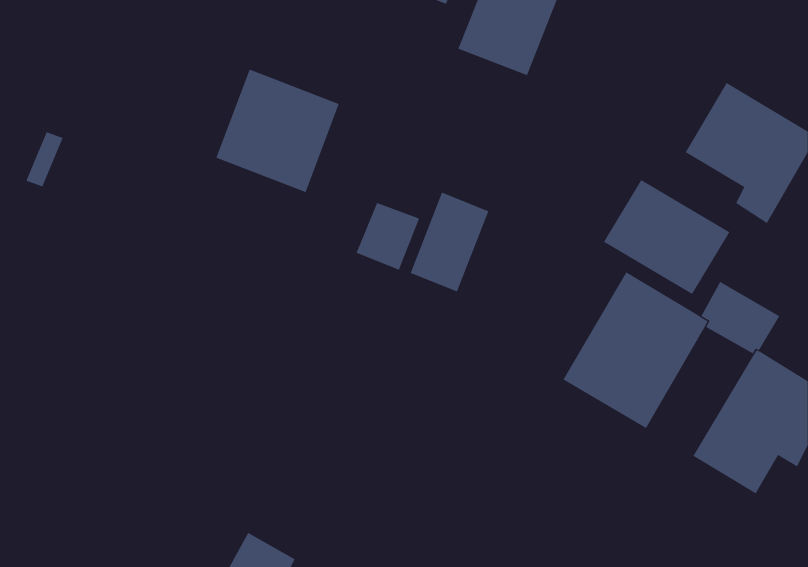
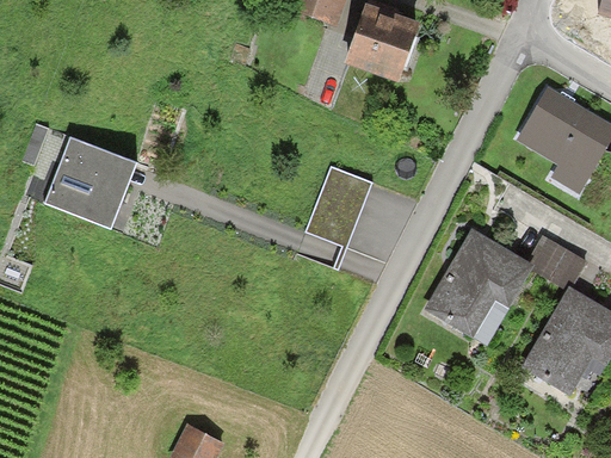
building: [216,69,340,193] -> [43,136,136,229]
building: [603,179,730,295] -> none
building: [356,202,420,270] -> none

